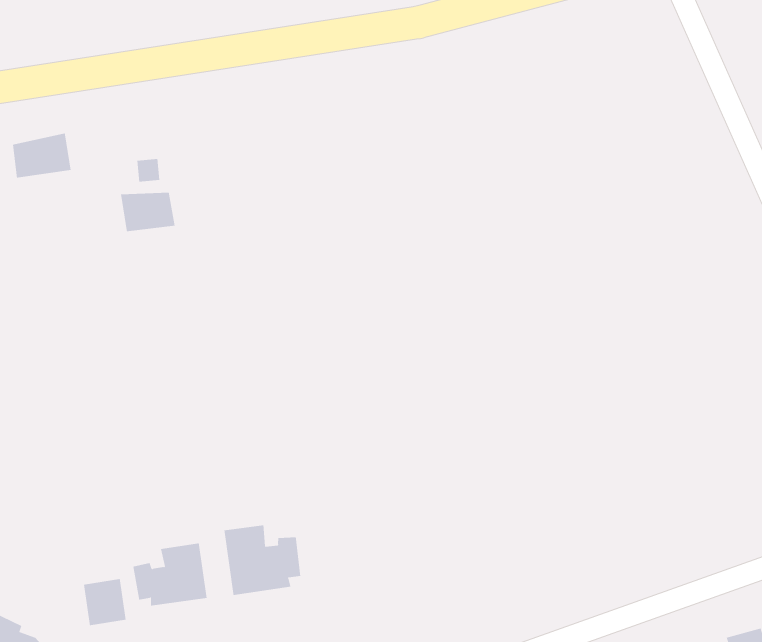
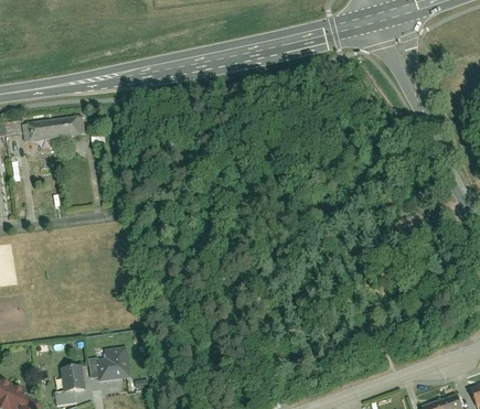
building: [120,192,175,232] -> [50,116,81,138]
building: [224,525,301,596] -> none

